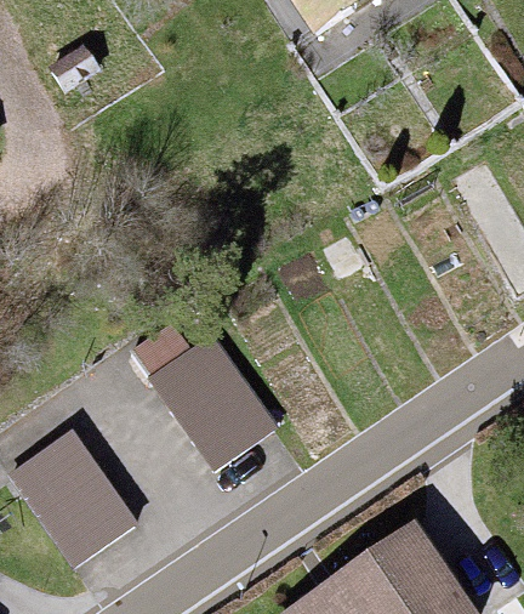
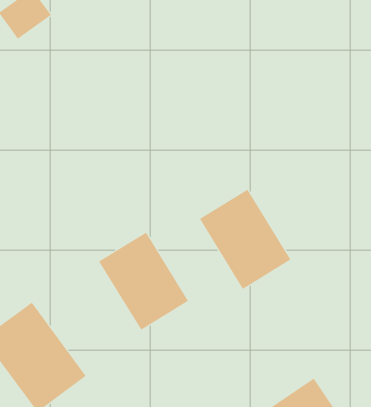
building: none -> [199,189,291,290]

